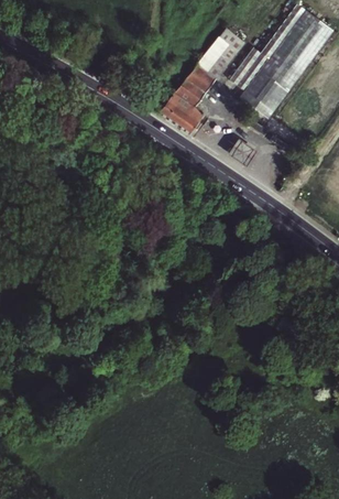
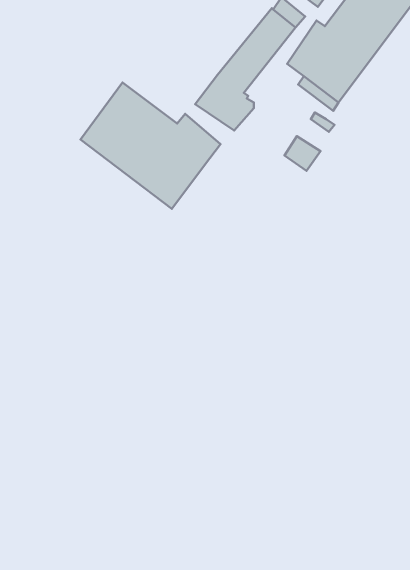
building: none -> [80,82,221,209]

